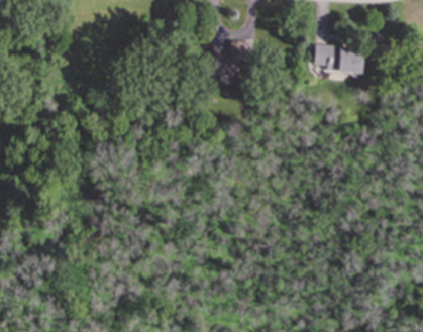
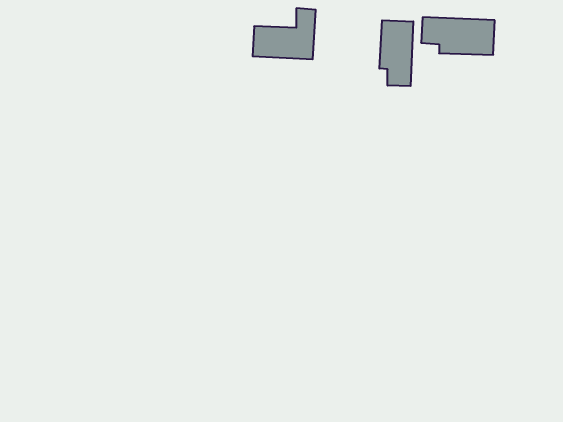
building: none -> [379,20,413,86]

